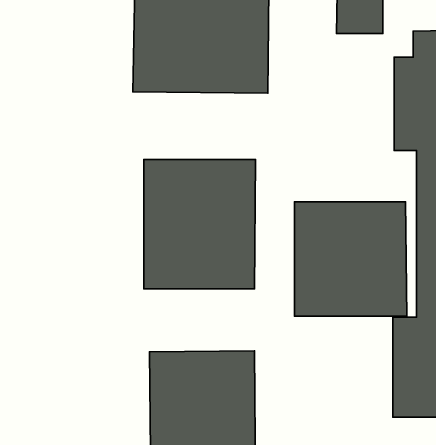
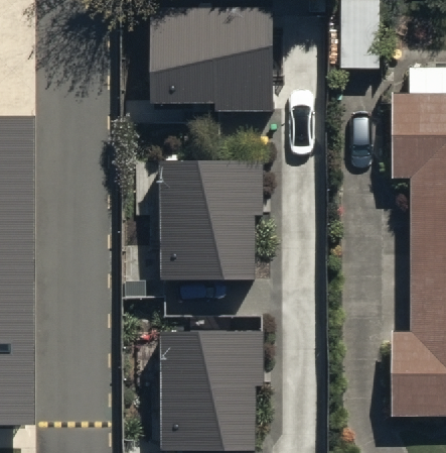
building: [295,202,407,316] -> none

